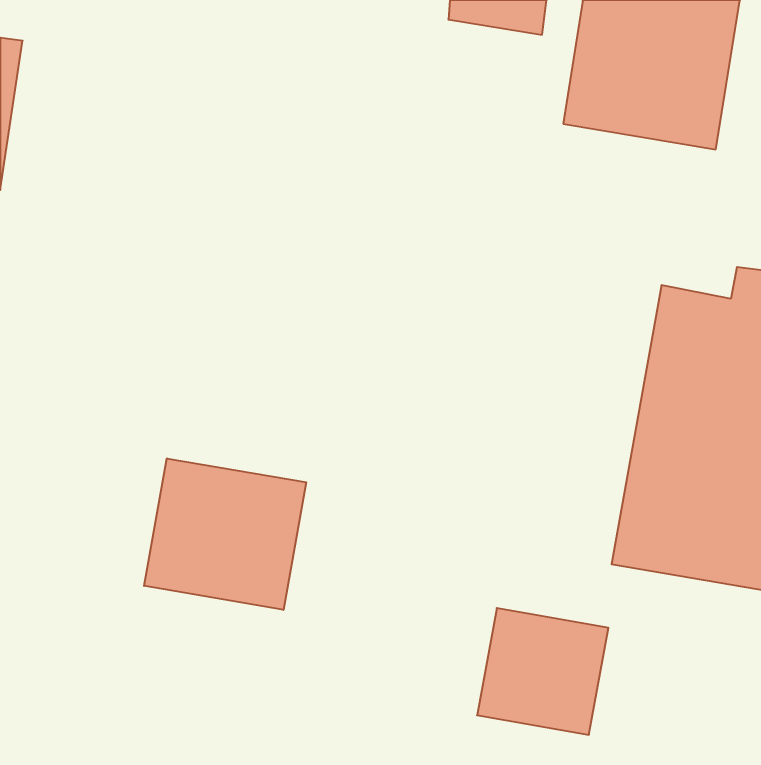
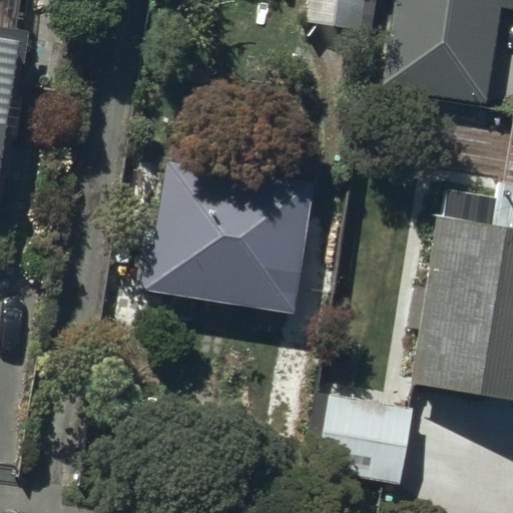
building: none -> [146,163,308,310]
building: [144,458,306,610] -> none

